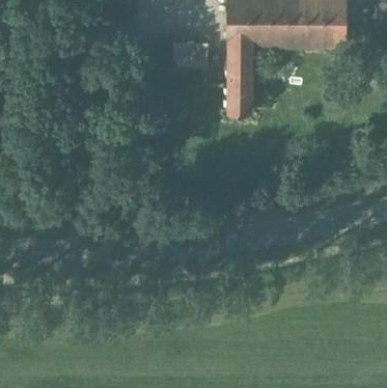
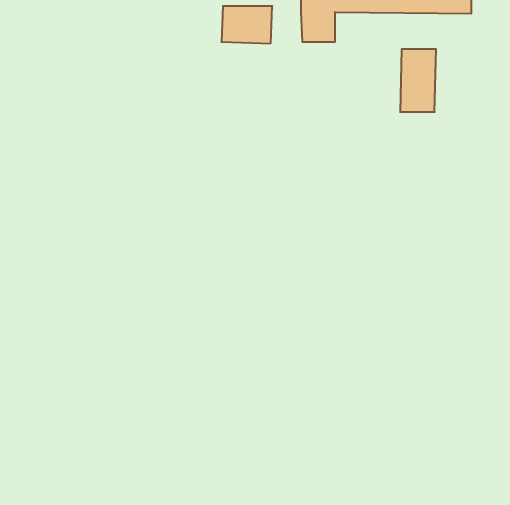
building: [227,65,252,109] -> [400,49,436,112]

